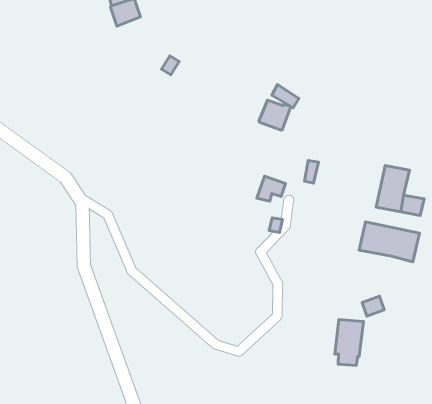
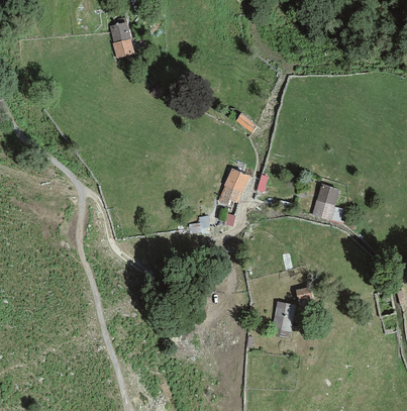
building: [259,100,291,130] -> [224,168,250,192]
building: [359,222,419,262] -> none

